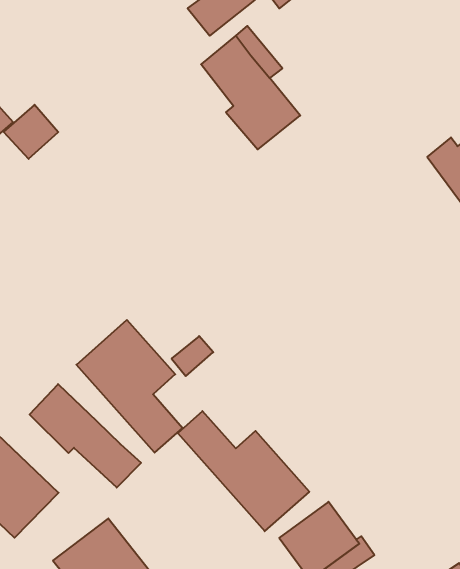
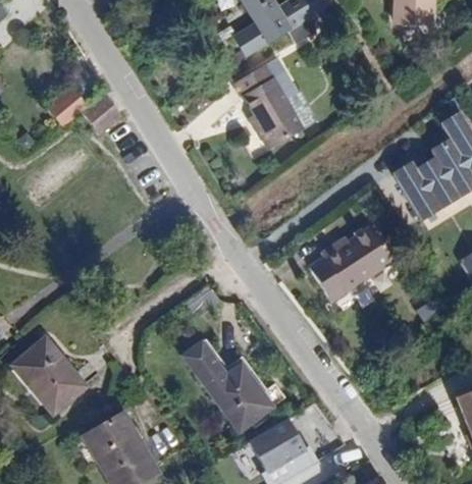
building: none -> [301,214,400,304]
building: [76,320,183,453] -> none
building: [30,384,141,488] -> none

